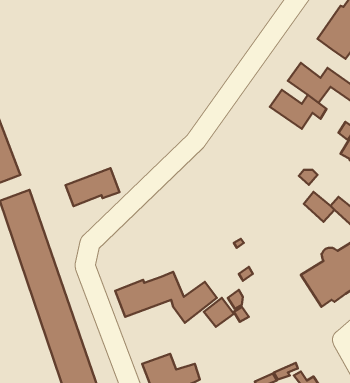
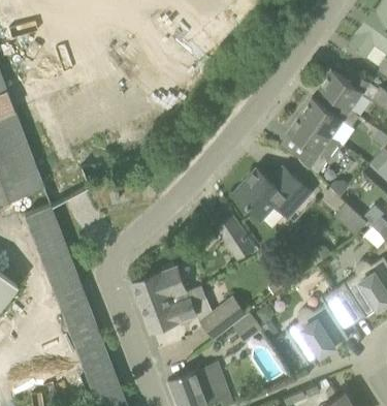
building: none -> [288,116,341,177]
building: none -> [235,167,311,220]
building: [66,168,119,206] -> [132,267,188,306]
building: none -> [218,218,254,260]
building: none -> [286,289,354,365]

